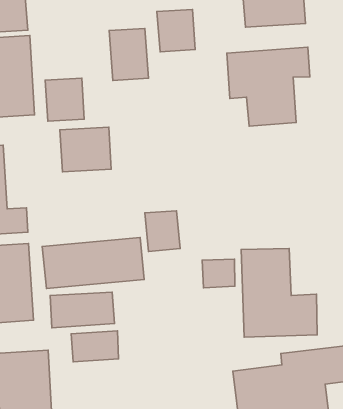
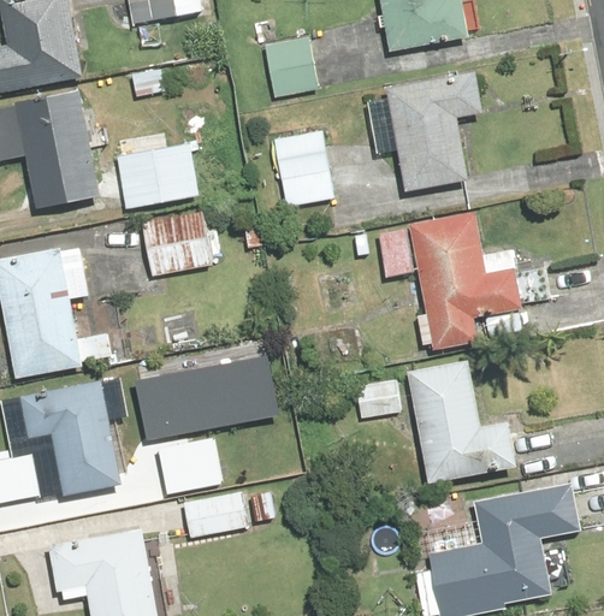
building: [109,28,148,80] -> [273,129,333,205]
building: none -> [375,218,528,350]
building: [145,211,180,252] -> none

